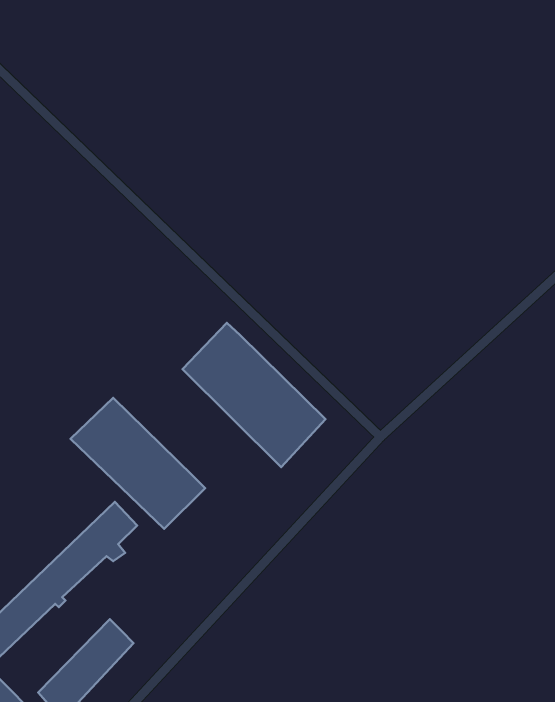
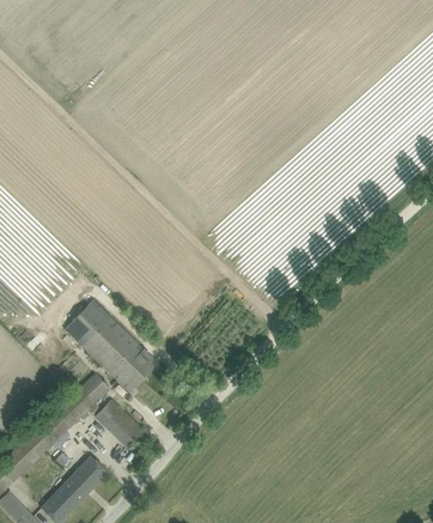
building: [183,323,326,467] -> none
building: none -> [96,399,142,446]

